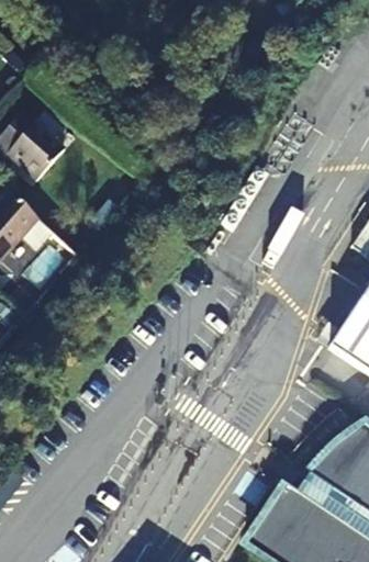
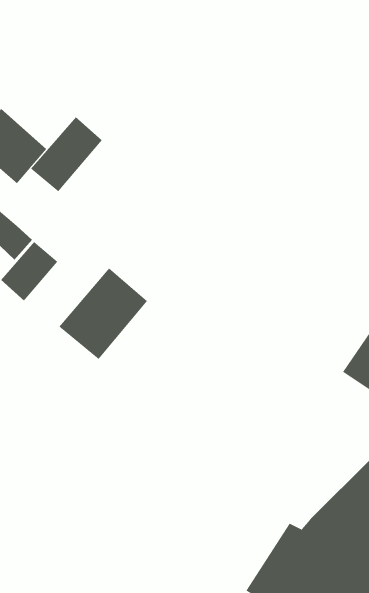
building: none -> [30,117,103,192]
building: none -> [59,267,148,360]

